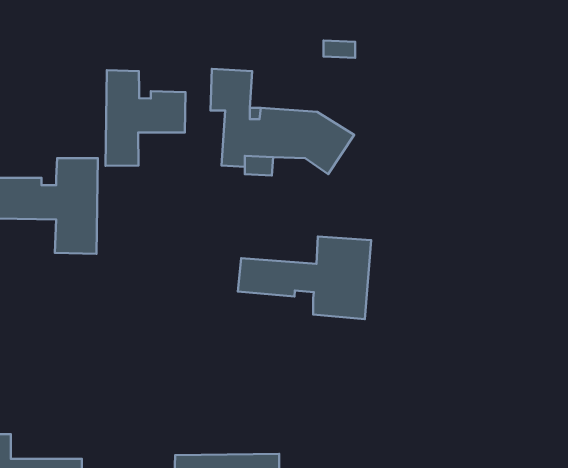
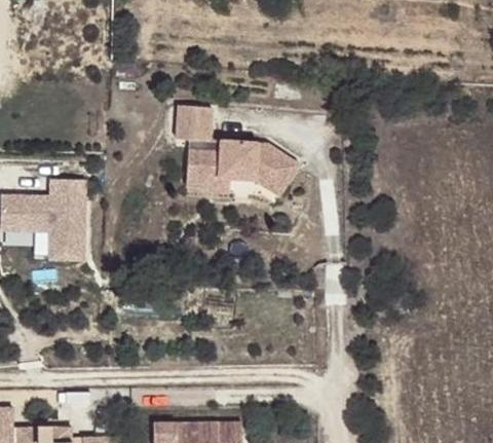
building: [106,70,186,166] -> none
building: [238,236,371,319] -> none

